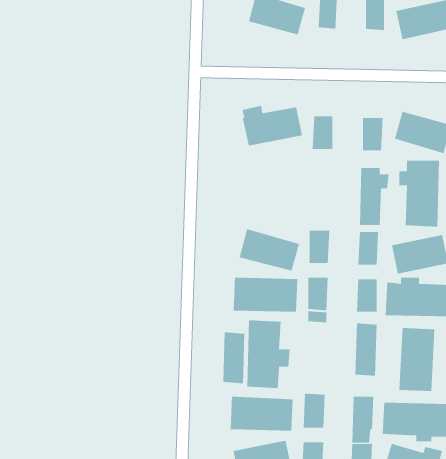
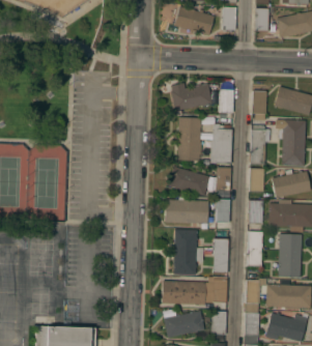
building: none -> [176,117,201,162]
building: none -> [209,123,231,164]
building: [222,332,245,384] -> [212,238,228,273]

